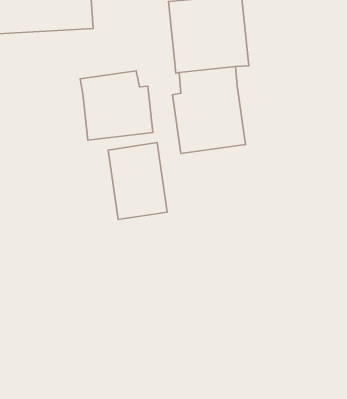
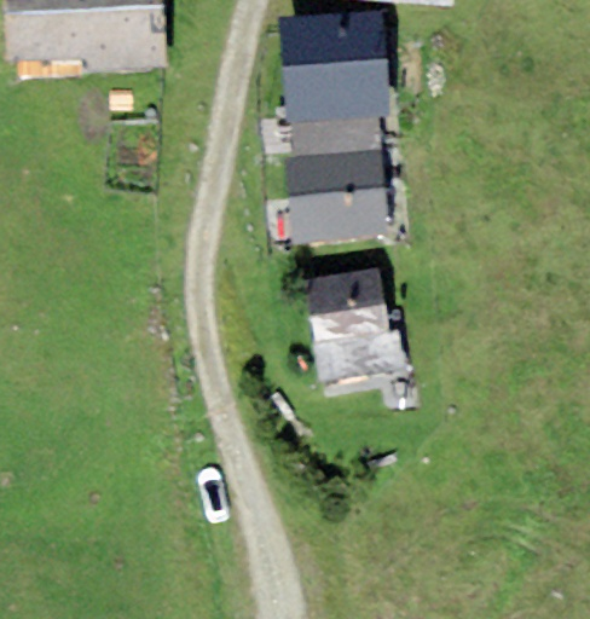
building: [80,71,153,140] -> none
building: [108,143,167,219] -> [306,266,392,378]

